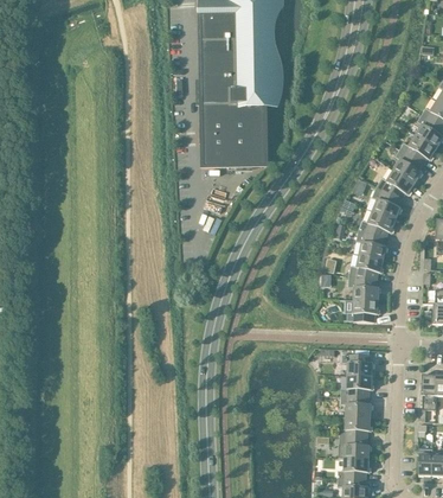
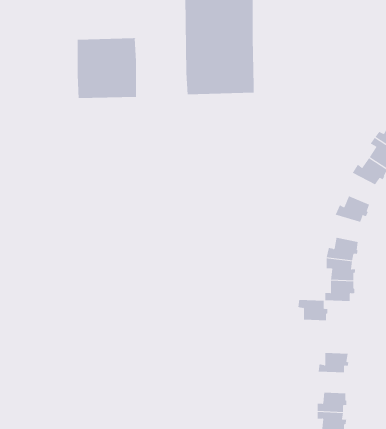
building: [205,102,276,166] -> [77,37,145,98]
building: [374,186,404,219] -> none
building: [358,230,390,258] -> none
building: [344,353,375,376] -> [297,299,328,321]
building: [342,395,374,417] -> none

